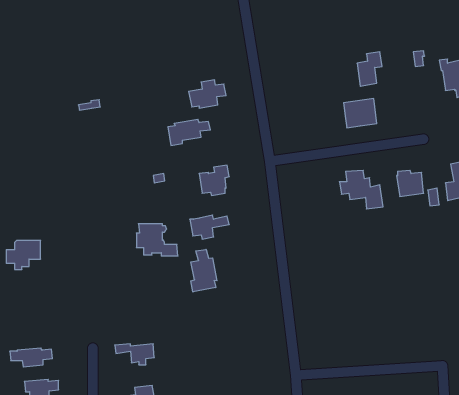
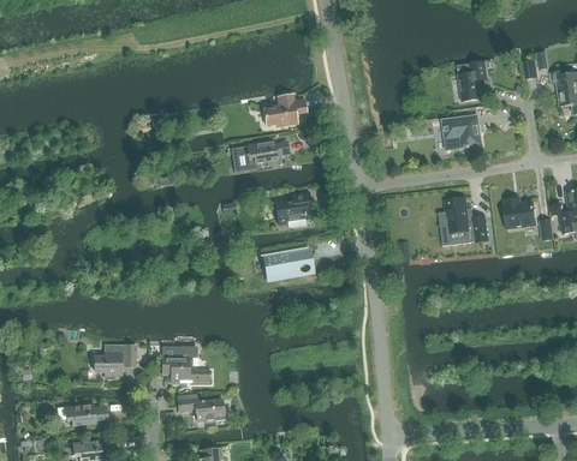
building: [136,224,178,256] -> [162,346,210,383]
building: [6,240,41,269] -> [95,345,135,378]
building: [191,249,217,292] -> none

